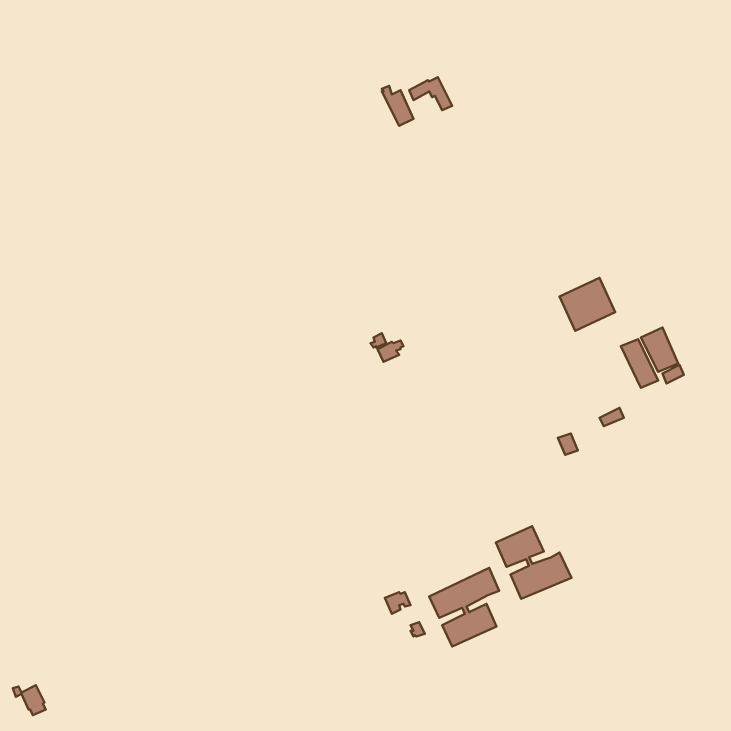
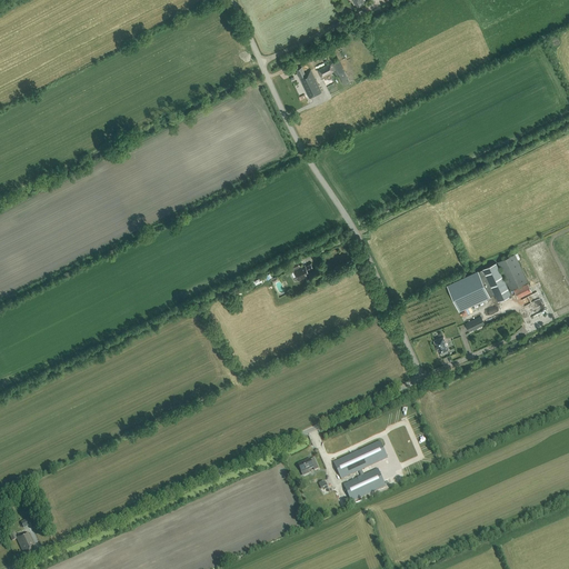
building: [559,278,615,331] -> [447,270,490,311]
building: [496,526,571,599] -> none

